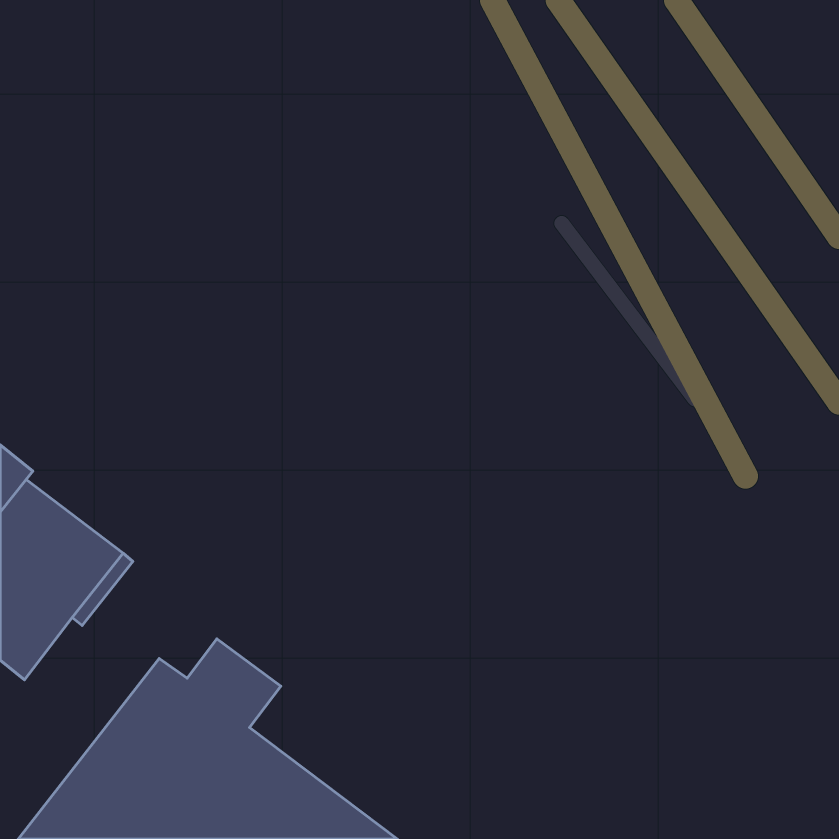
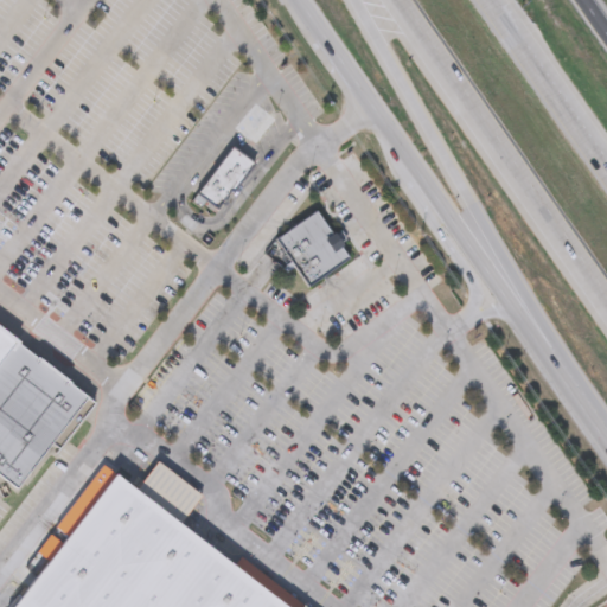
building: none -> [190,148,253,218]
building: none -> [273,211,350,289]

